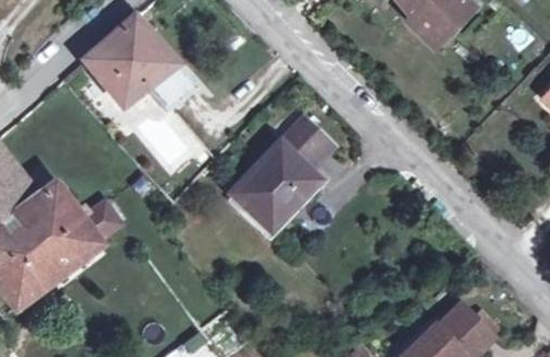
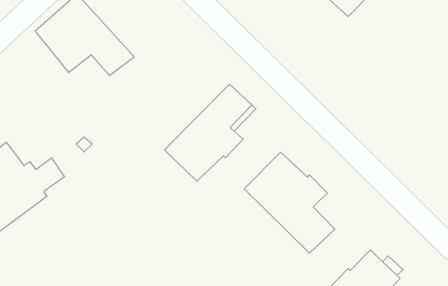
building: none -> [244,152,335,253]

